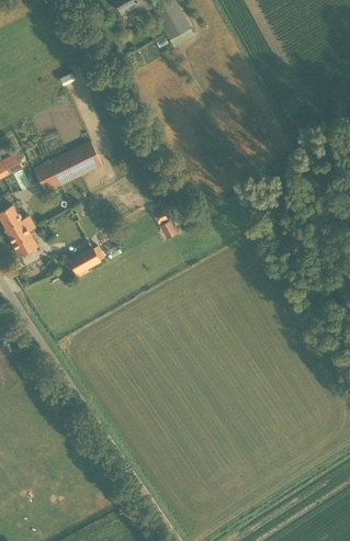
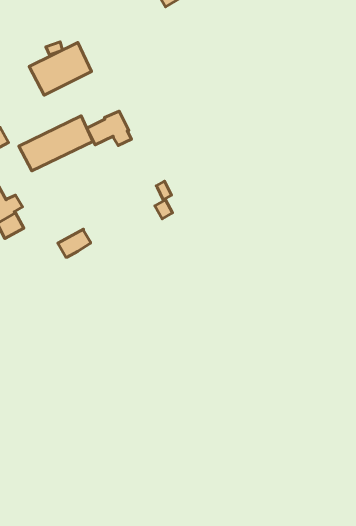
building: none -> [29,43,91,95]
building: none -> [87,111,131,145]

